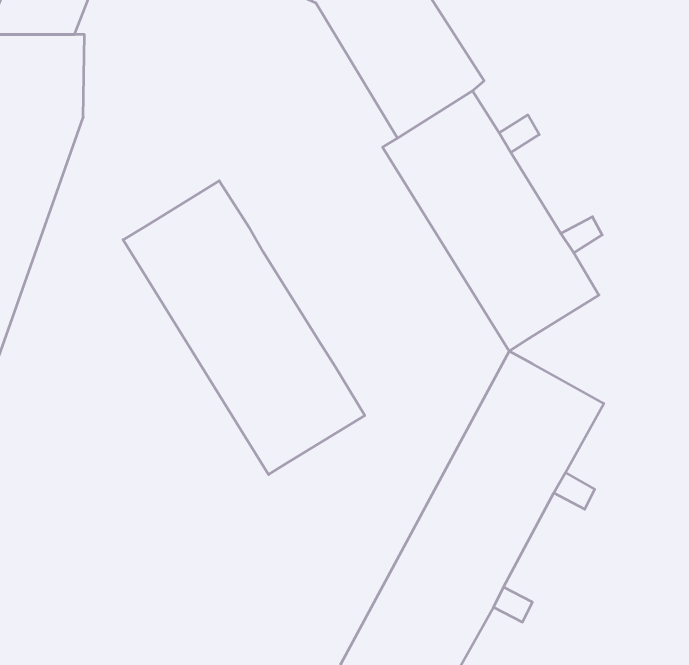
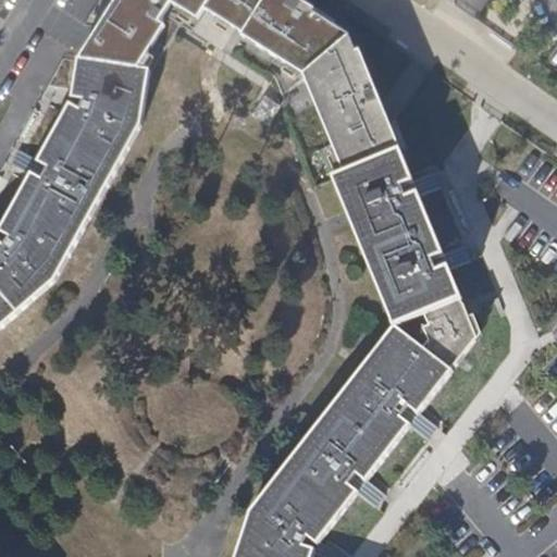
building: [123,181,365,475] -> none
building: none -> [406,297,473,369]

